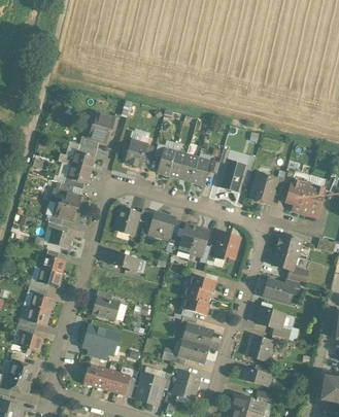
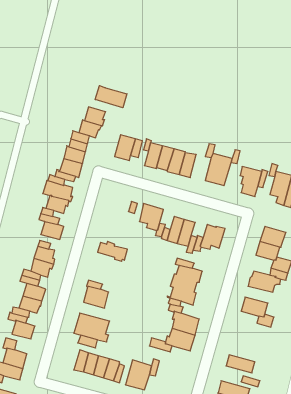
building: none -> [95,86,127,108]
building: [115,207,138,234] -> none
building: [245,336,272,361] -> none
building: [172,371,199,399] -> none

